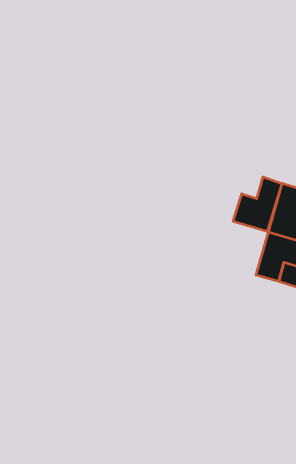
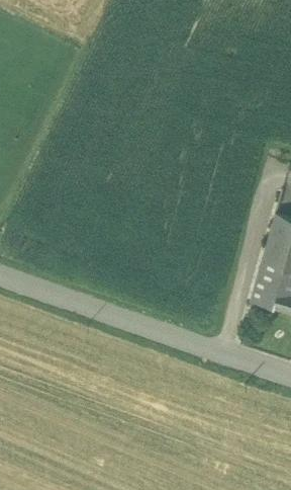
building: [233,177,282,232] -> none

